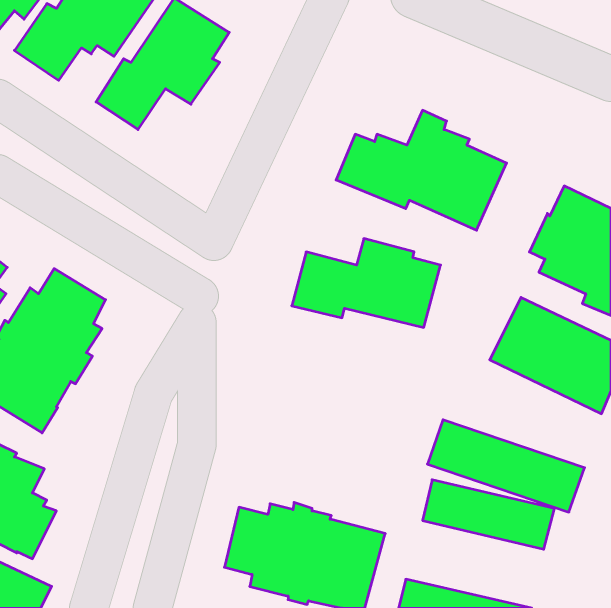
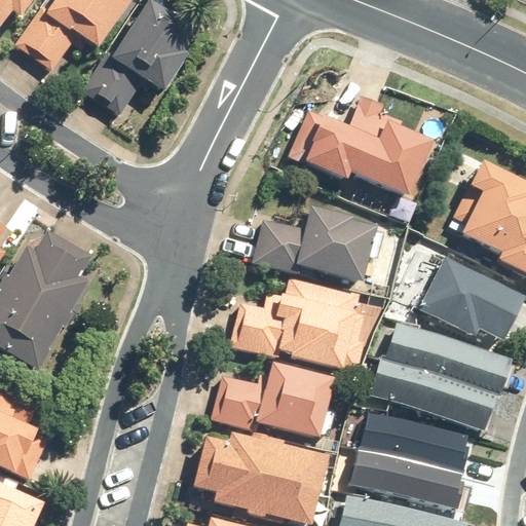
building: none -> [228,274,364,371]
building: none -> [379,322,513,401]
building: none -> [209,363,335,439]
building: none -> [353,446,465,506]

